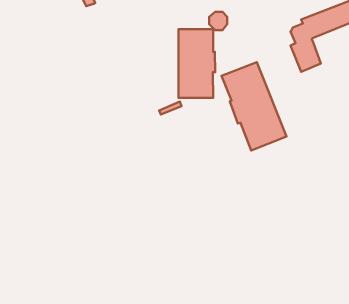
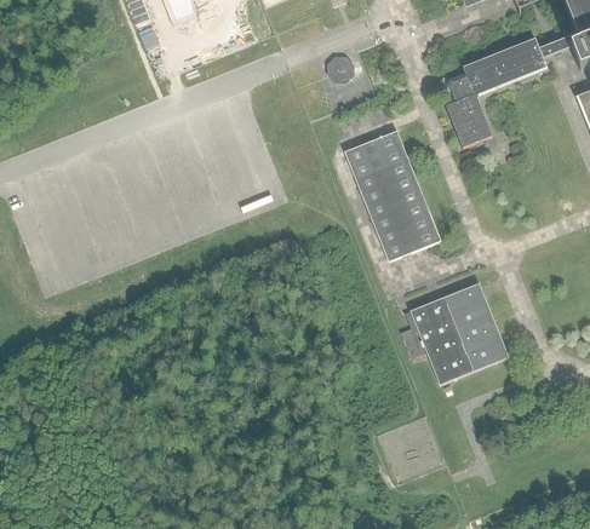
building: [178,29,215,98] -> none
building: none -> [401,282,509,383]

